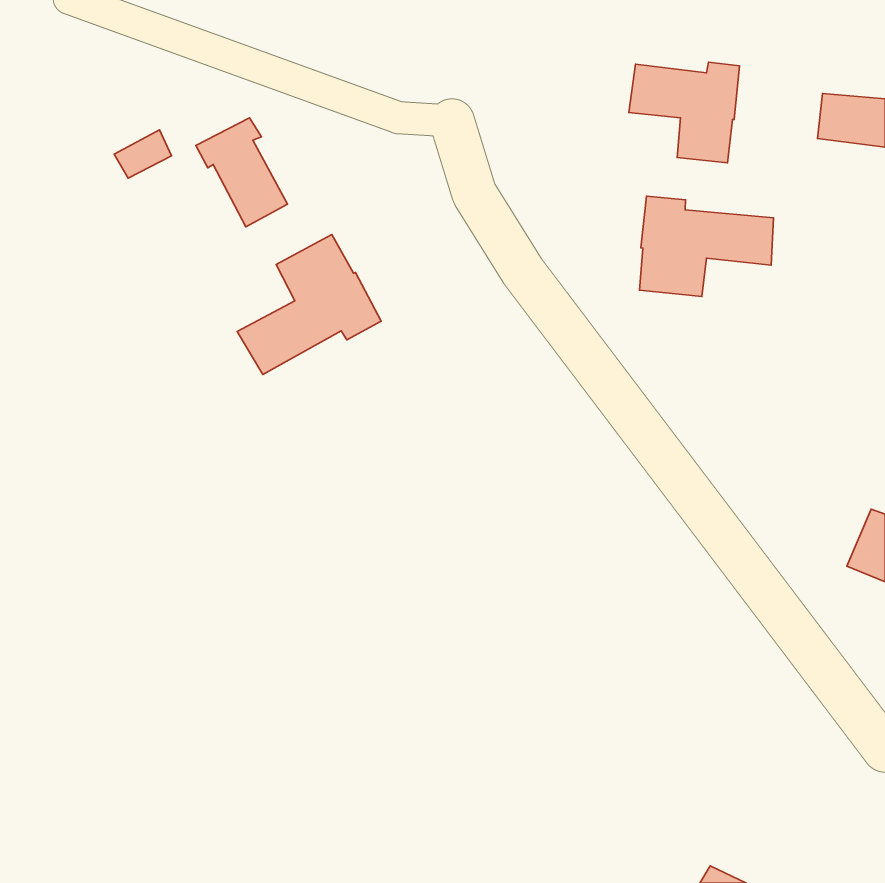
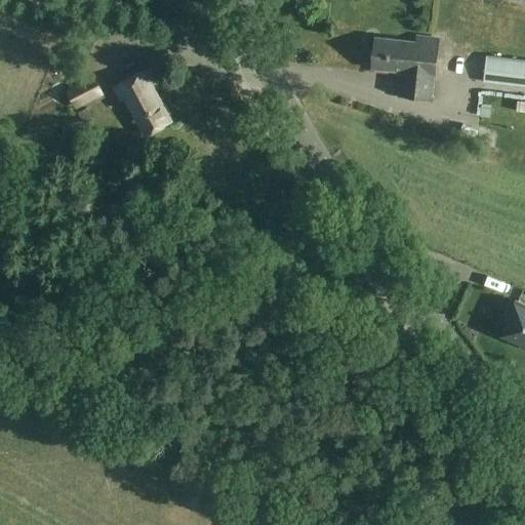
building: [639,196,774,296] -> none
building: [237,235,381,374] -> none

